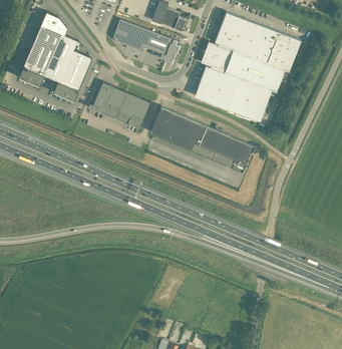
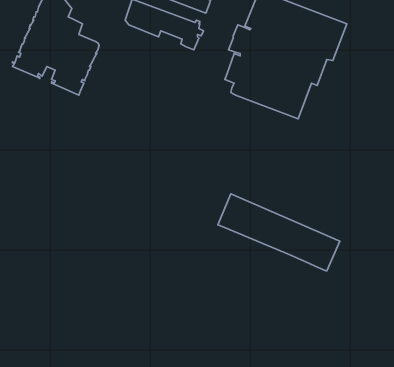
building: [89,82,149,128] -> none
building: [148,106,252,171] -> [218,194,340,271]

